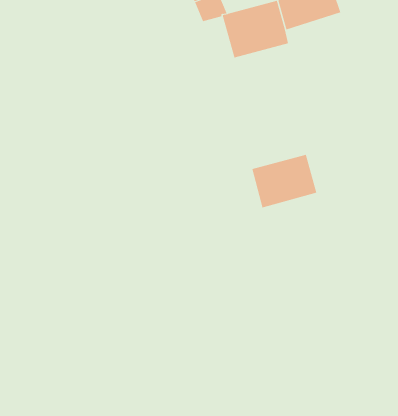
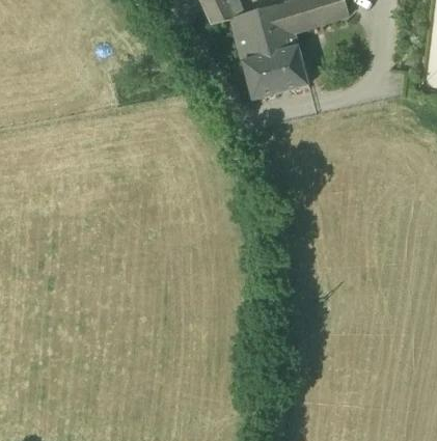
building: [251,154,317,208] -> [242,45,307,99]

